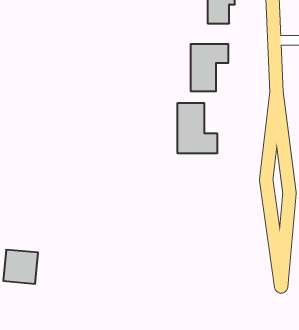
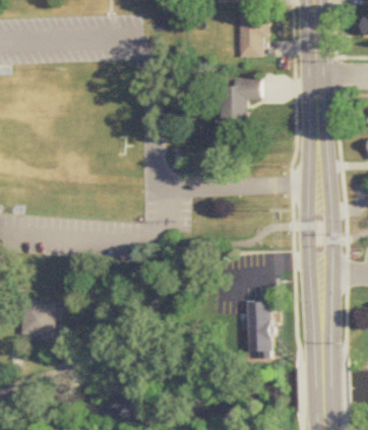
building: [178,103,217,153] -> none
building: none -> [248,302,272,352]

